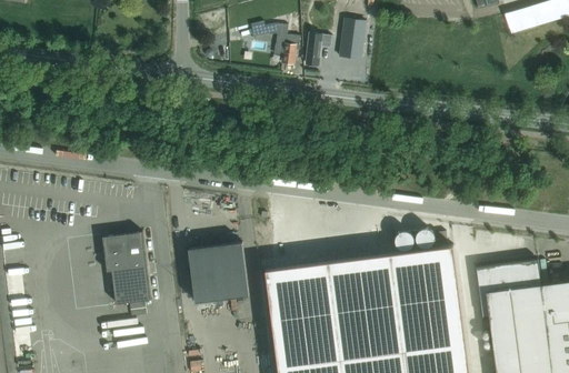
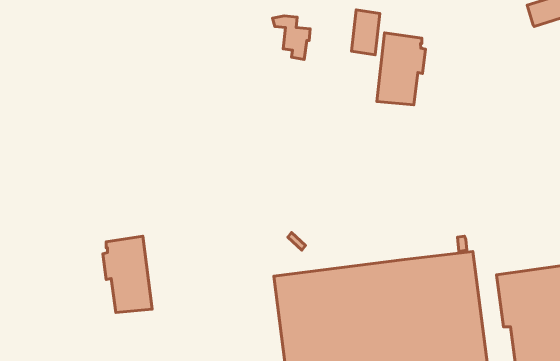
building: [306,34,332,69] -> none
building: none -> [377,33,426,105]
building: [189,243,249,303] -> none

